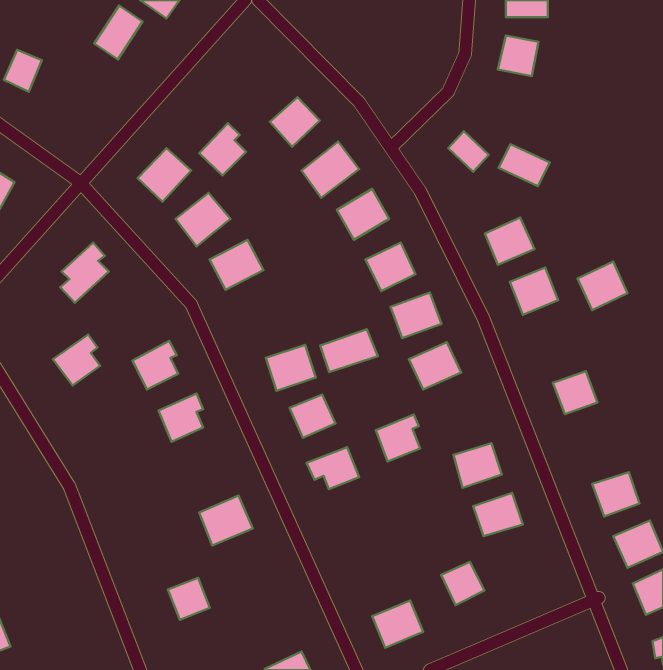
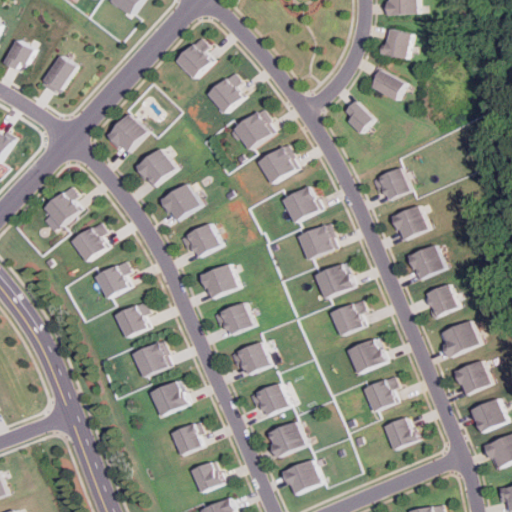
building: [94,6,143,59] -> [39,53,76,94]
building: [199,123,246,176] -> [174,37,210,77]
building: [499,144,550,186] -> [367,68,406,100]
building: [578,262,627,310] -> [404,243,442,280]
building: none -> [182,222,222,257]
building: [320,329,378,372] -> none
building: [53,334,100,386] -> [76,221,112,260]
building: [376,414,420,462] -> [331,299,365,335]
building: none -> [435,319,478,356]
building: none -> [137,340,177,376]
building: none -> [253,382,292,416]
building: none -> [268,421,305,455]
building: [441,562,484,605] -> [382,416,415,449]
building: [168,578,210,620] -> [173,422,205,454]
building: none -> [193,460,224,491]

